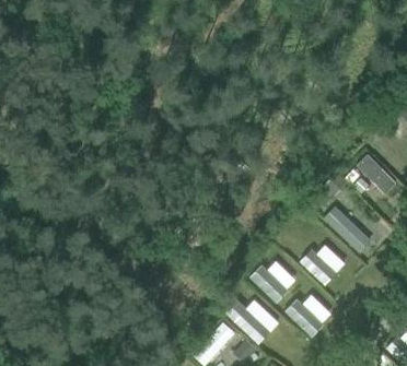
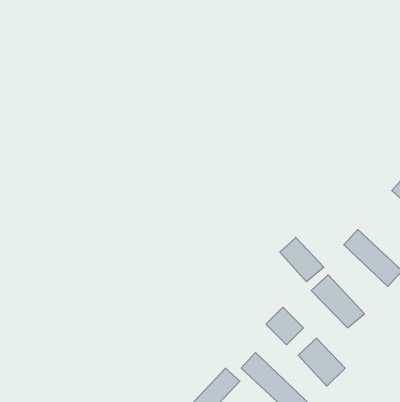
building: none -> [280,237,324,282]

